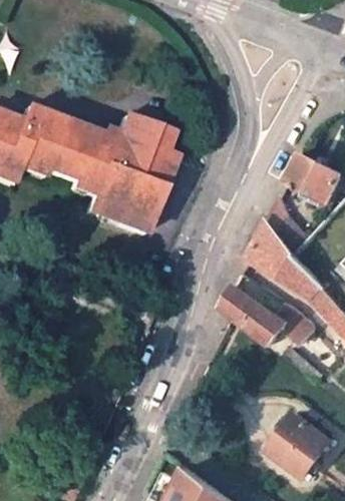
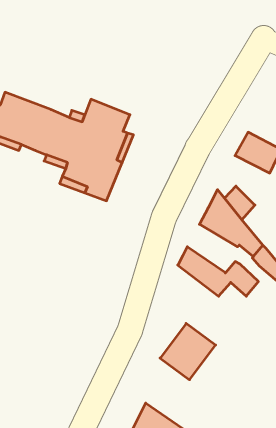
building: [264,410,328,475] -> [160,323,216,380]

